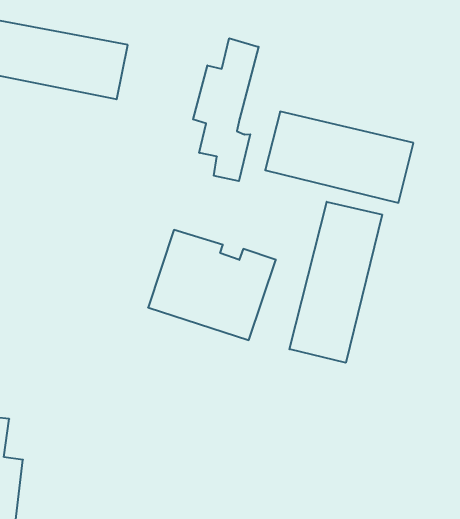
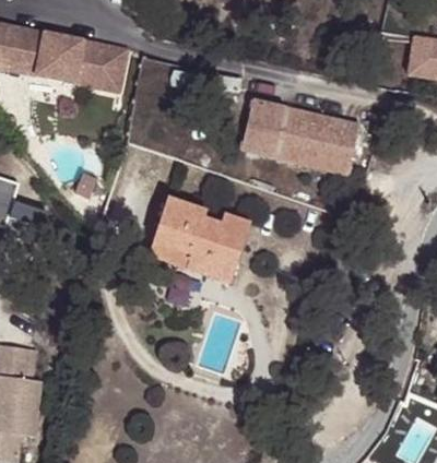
building: [193,38,259,181] -> none
building: [289,202,382,363] -> none

